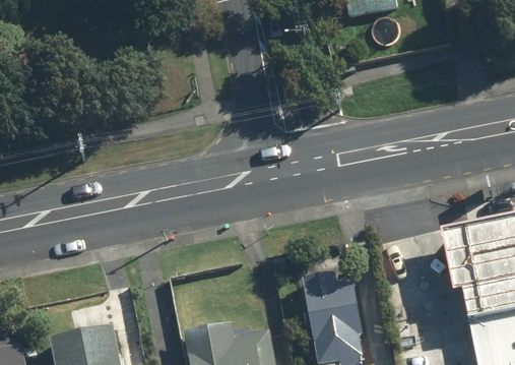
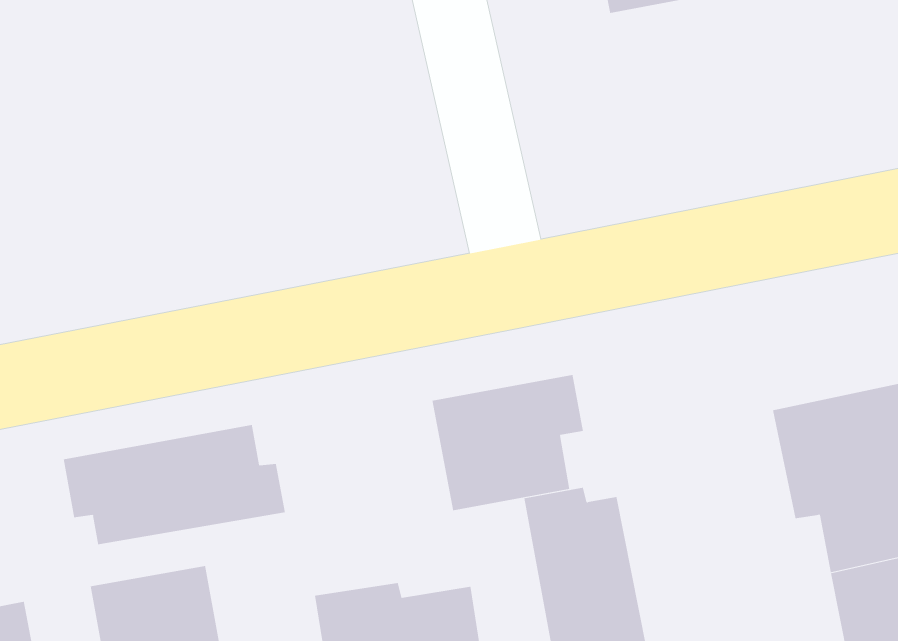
building: none -> [432,374,583,511]
building: none -> [63,424,285,545]

